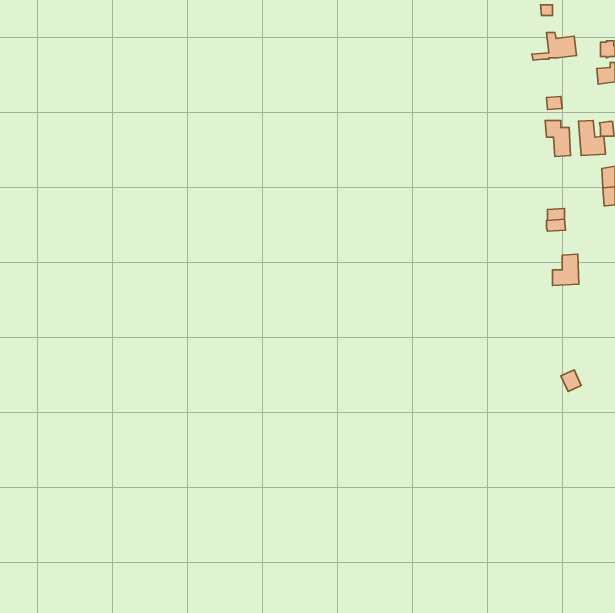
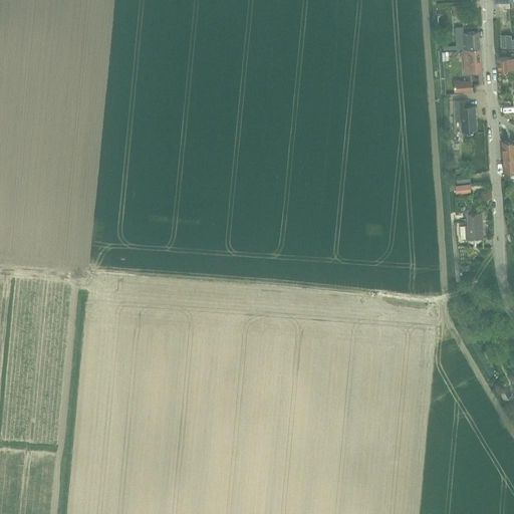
building: none -> [462,48,483,72]
building: [579,121,606,156] -> none

